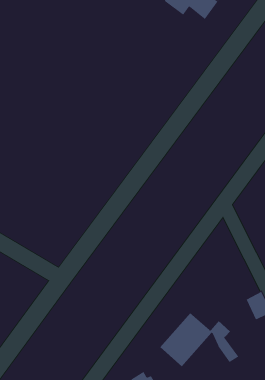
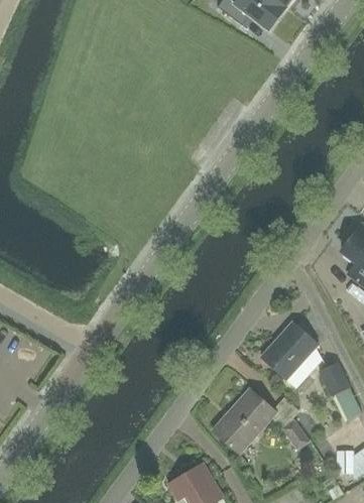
building: none -> [261,322,318,379]

